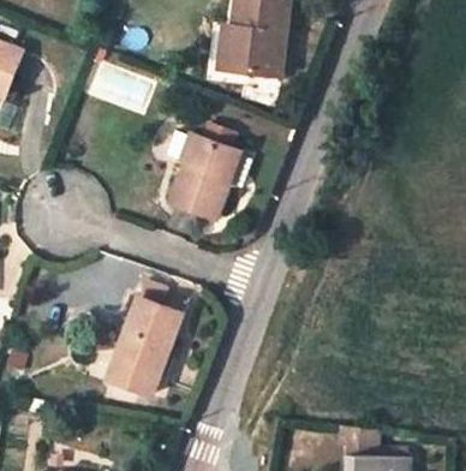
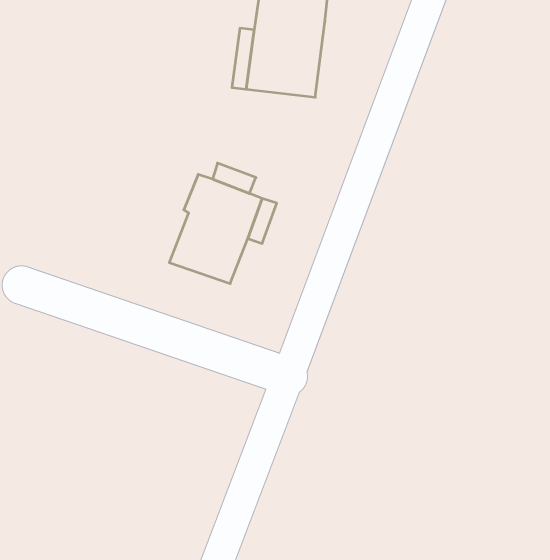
building: [108,298,180,393] -> none

